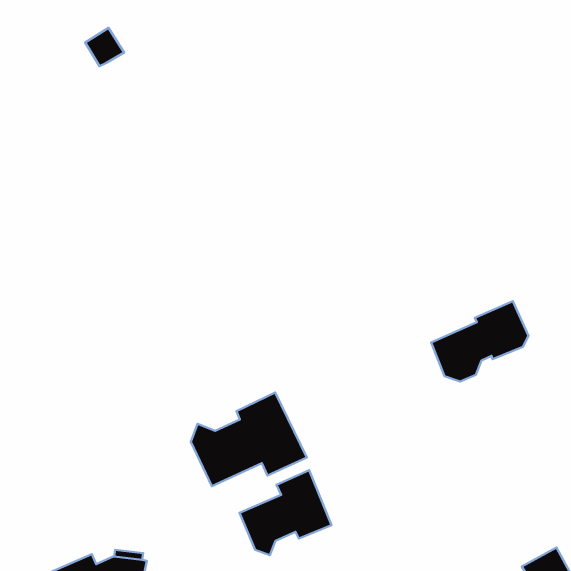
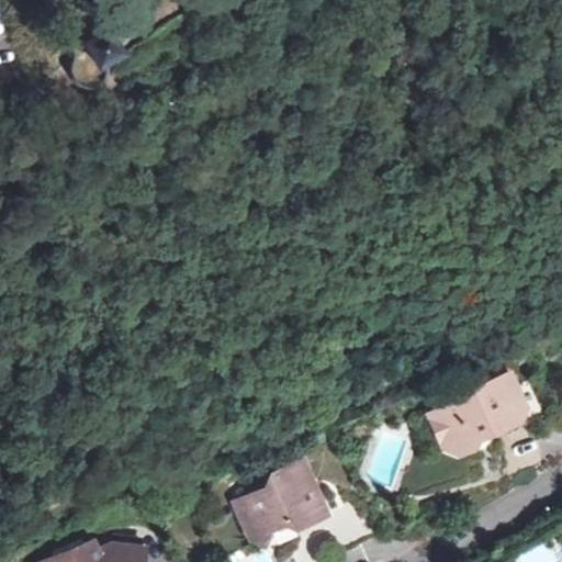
building: [431,301,528,382] -> [430,375,526,454]
building: [191,392,307,486] -> none

